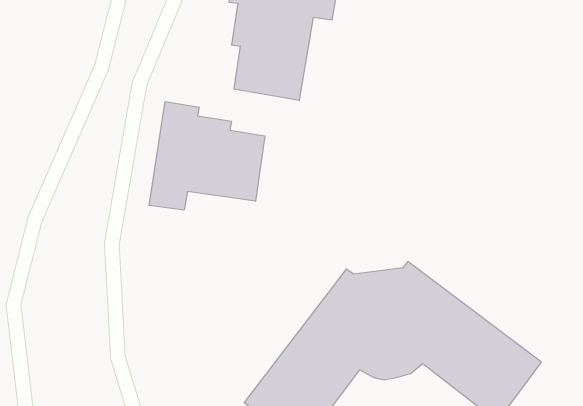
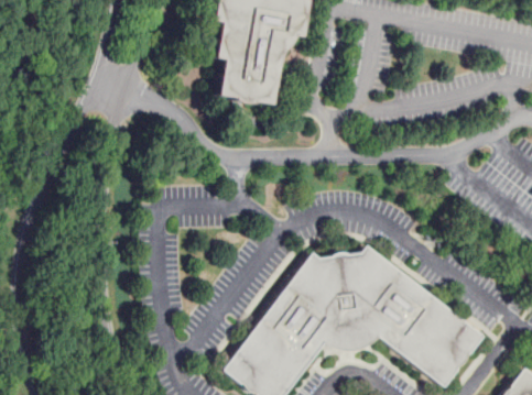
building: [149,102,265,210] -> none

